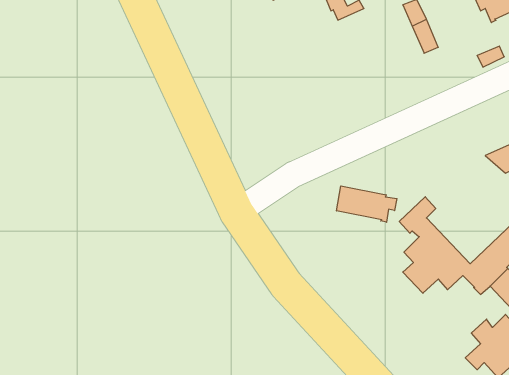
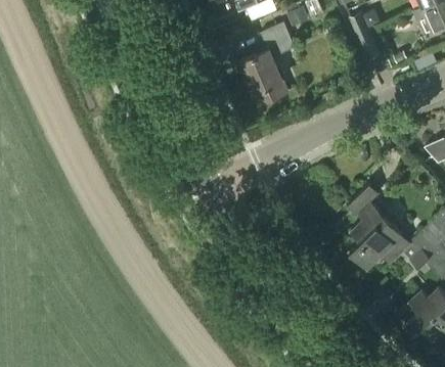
building: none -> [240,21,295,104]
building: [337,186,397,222] -> none

